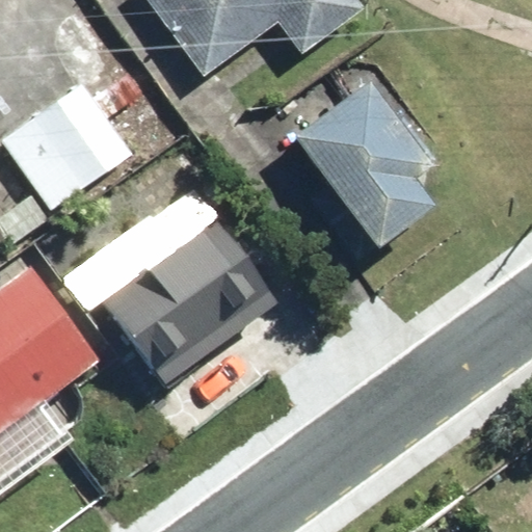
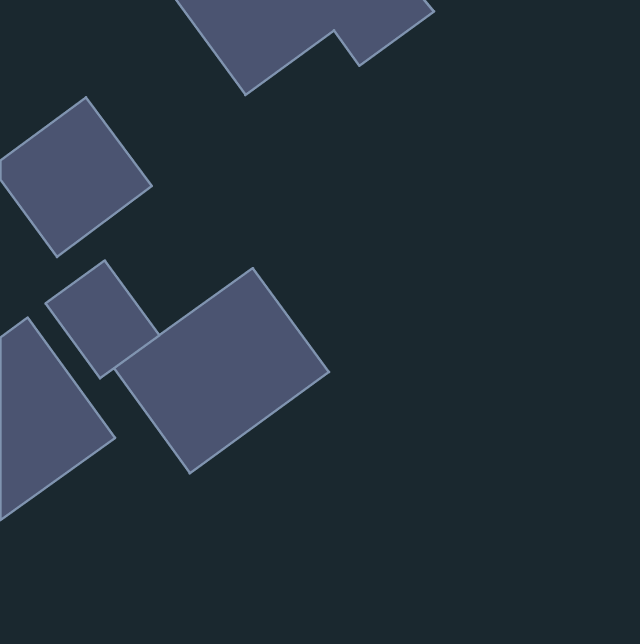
building: [285,63,457,244] -> none

